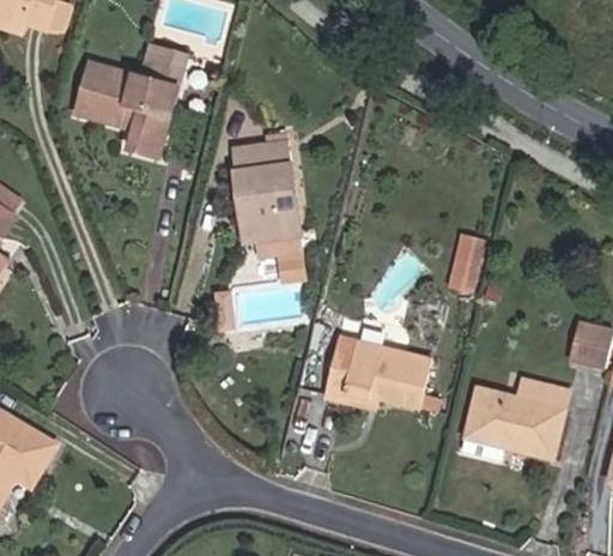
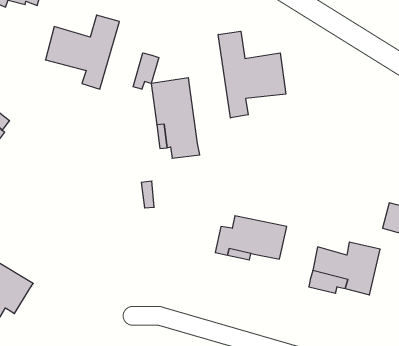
building: none -> [218,31,286,118]
building: none -> [133,53,159,89]
building: [450,230,486,290] -> none

